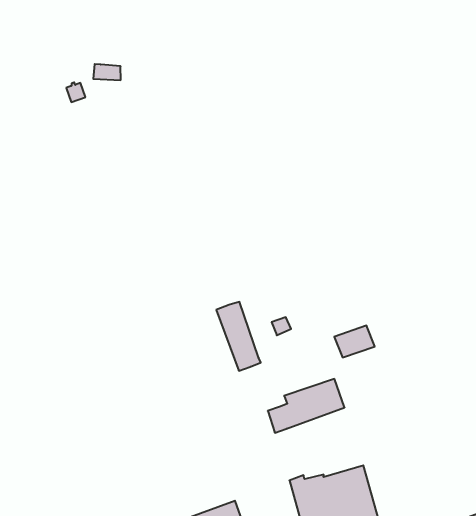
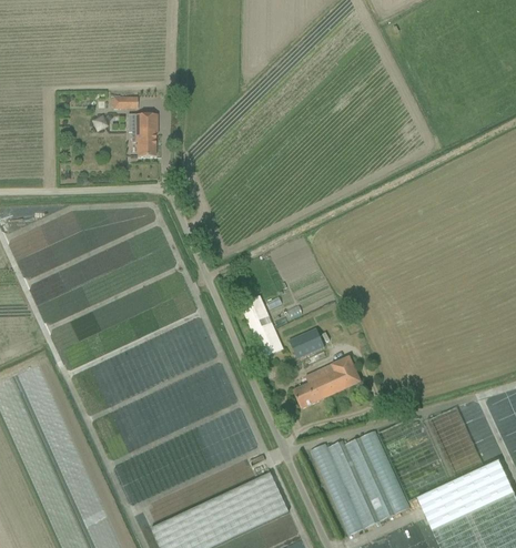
building: none -> [128,113,156,155]
building: [334,326,375,357] -> [287,327,324,357]

